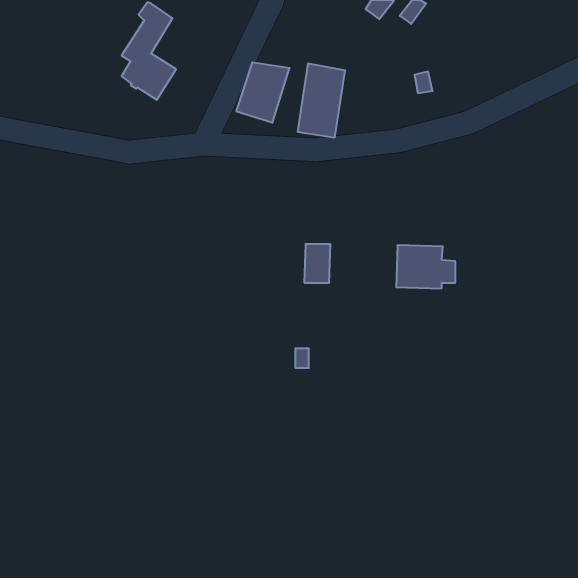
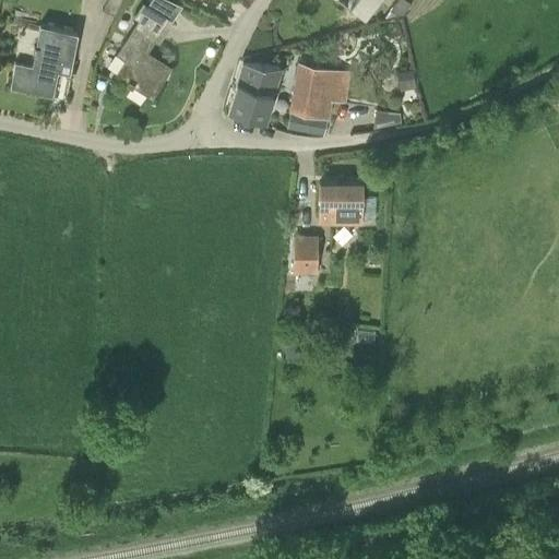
building: none -> [12,26,79,97]
building: [396,245,455,288] -> [320,183,377,225]

